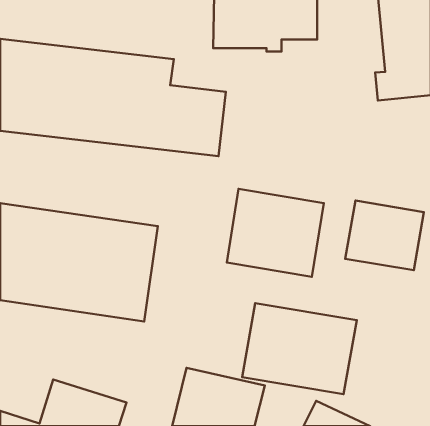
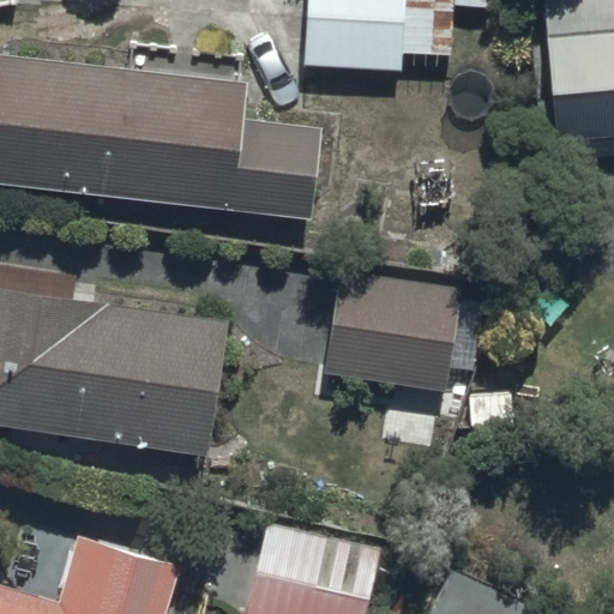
building: [345,201,424,270] -> none
building: [242,303,357,394] -> none

